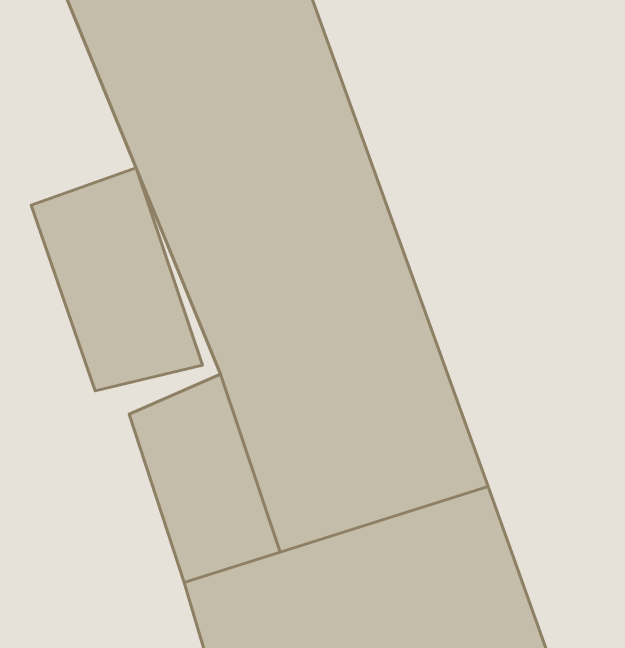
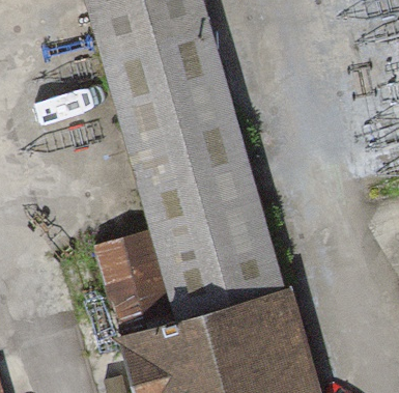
building: [31,168,202,391] -> none

